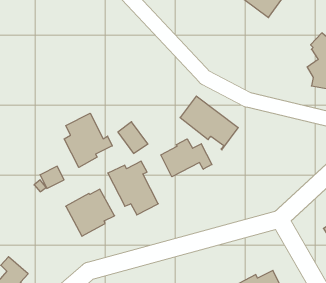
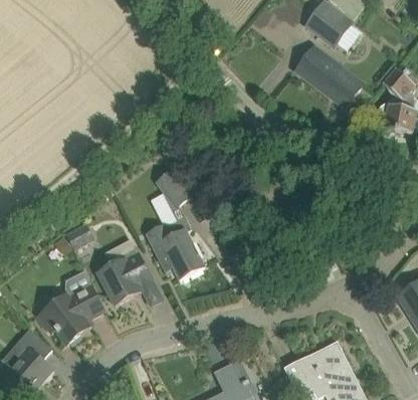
building: [180,96,238,150] -> [295,45,364,109]
building: [64,113,112,167] -> none
building: [161,139,212,177] -> none
building: none -> [35,282,104,345]

